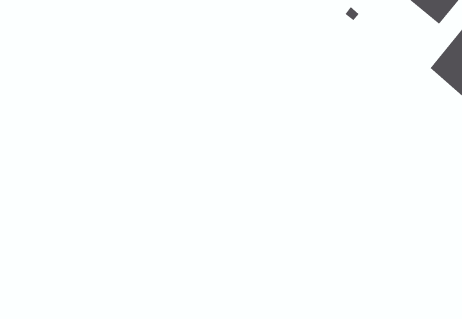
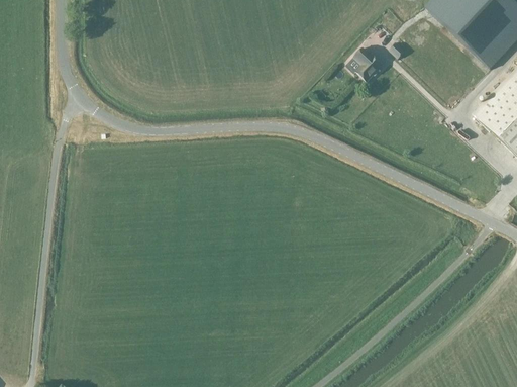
building: none -> [353,44,384,80]

